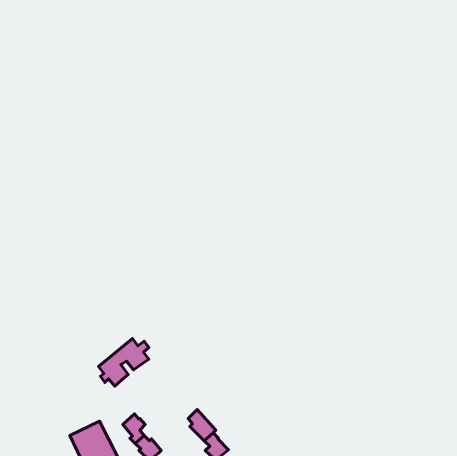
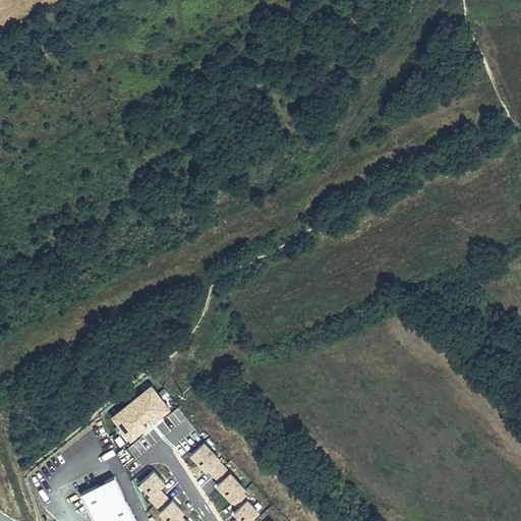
building: none -> [190,443,224,477]

